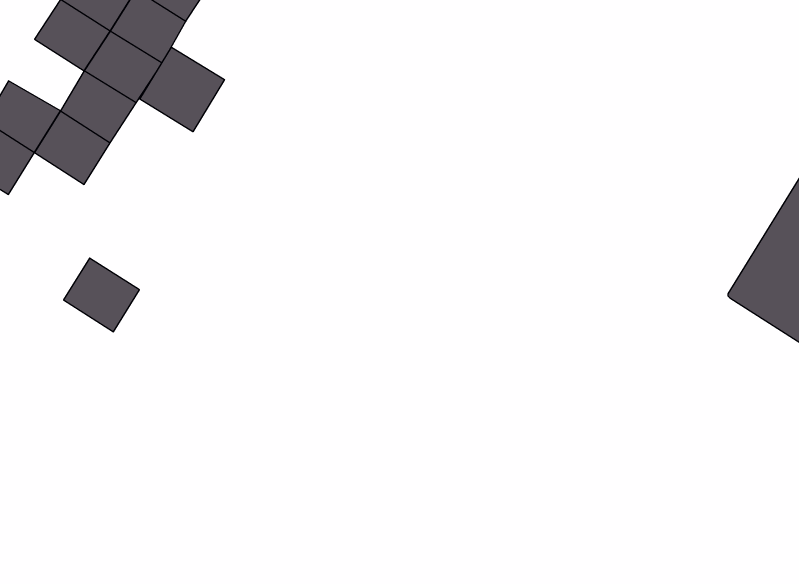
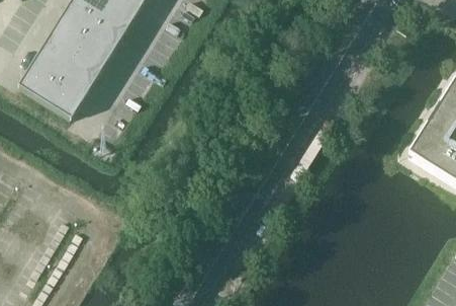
building: none -> [44,24,83,61]
building: [140,47,224,132] -> none
building: [64,258,139,332] -> [44,82,83,120]

